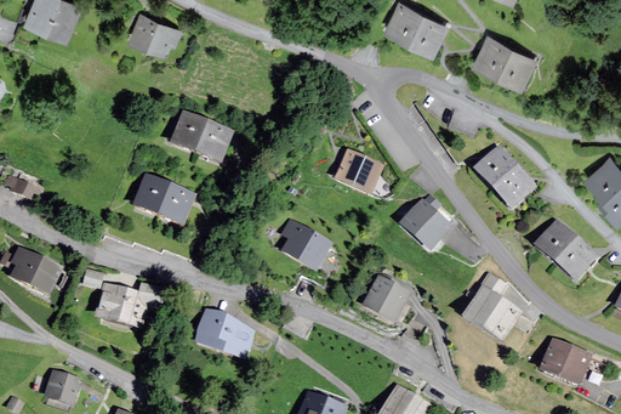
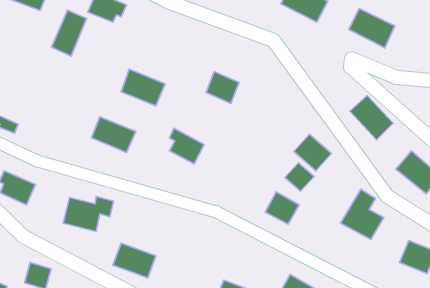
building: none -> [52,10,86,56]
building: [337,152,381,194] -> [206,71,239,104]
building: [284,222,330,270] -> [169,128,204,164]
building: none -> [285,163,314,191]
building: [196,313,253,359] -> [113,243,156,278]

